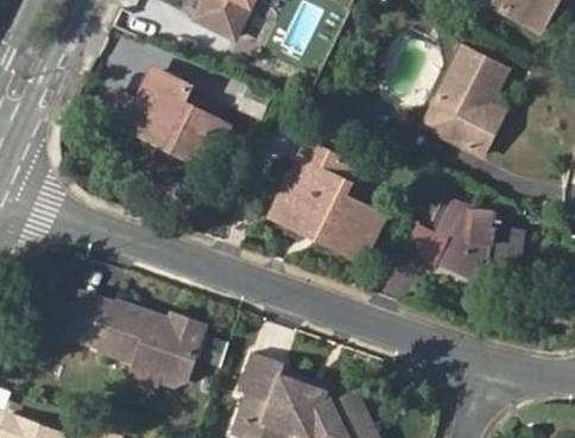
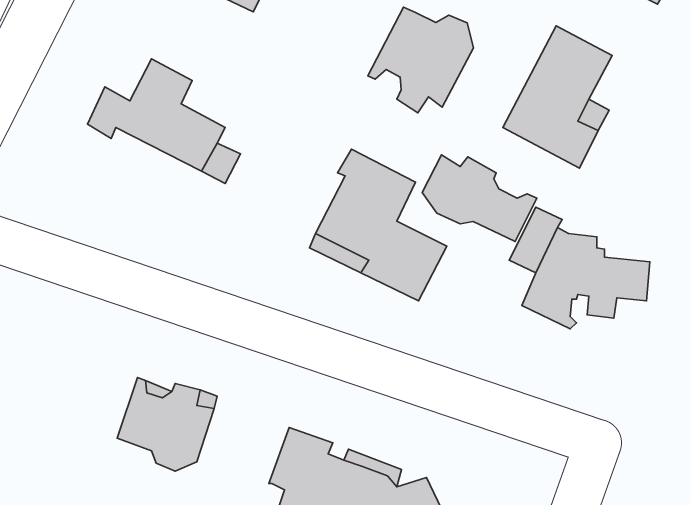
building: none -> [368,7,474,113]
building: none -> [422,155,537,242]
building: [65,297,143,361] -> none

